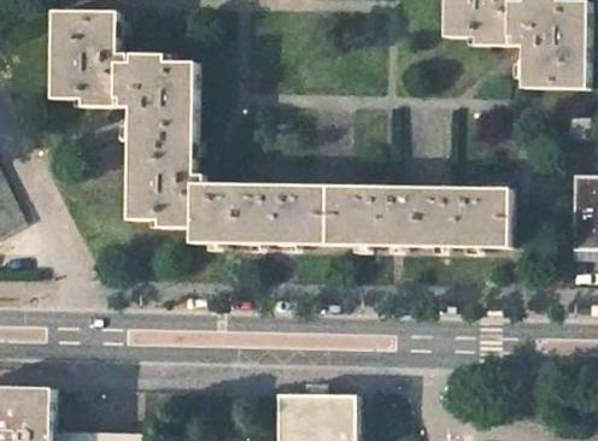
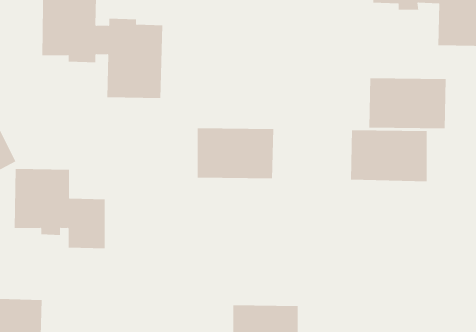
building: [127,148,235,243] -> [14,169,105,249]
building: [326,186,418,246] -> [368,78,447,129]

